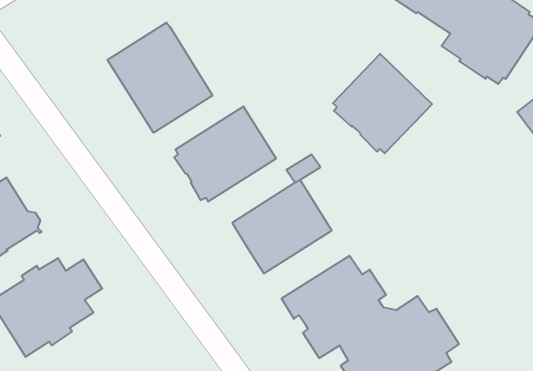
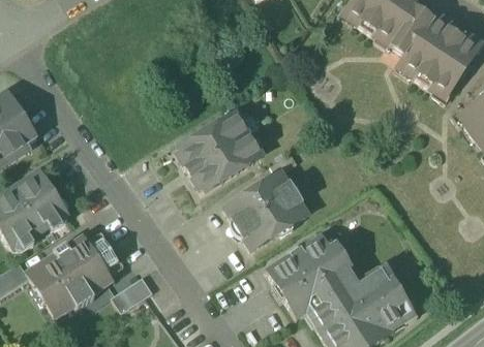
building: [108,22,212,133] -> none
building: [333,54,432,153] -> none
building: none -> [112,276,153,312]

